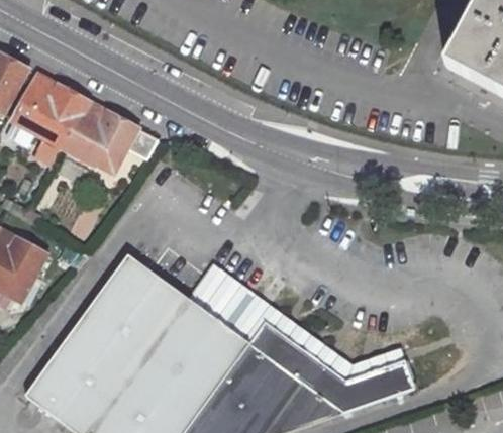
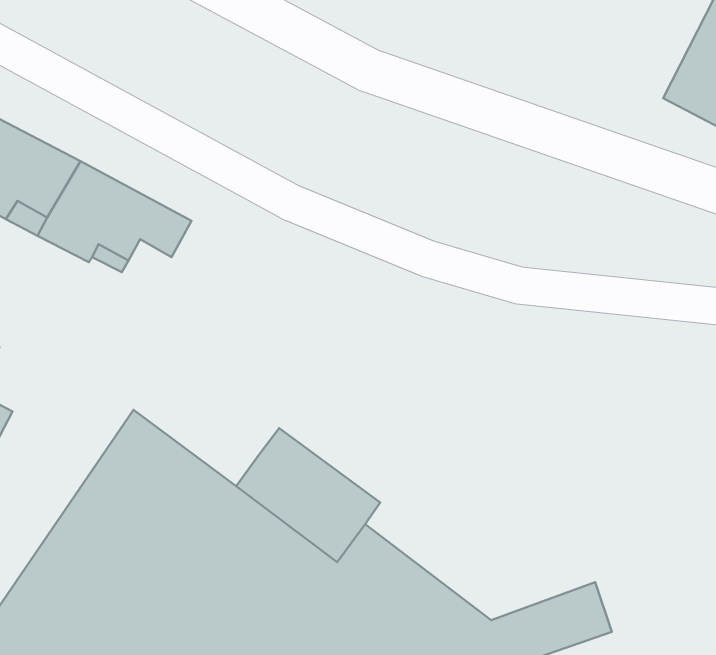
building: [265,309,405,381] -> none

